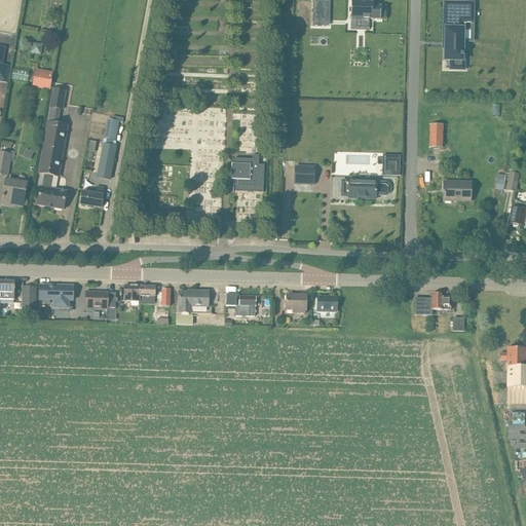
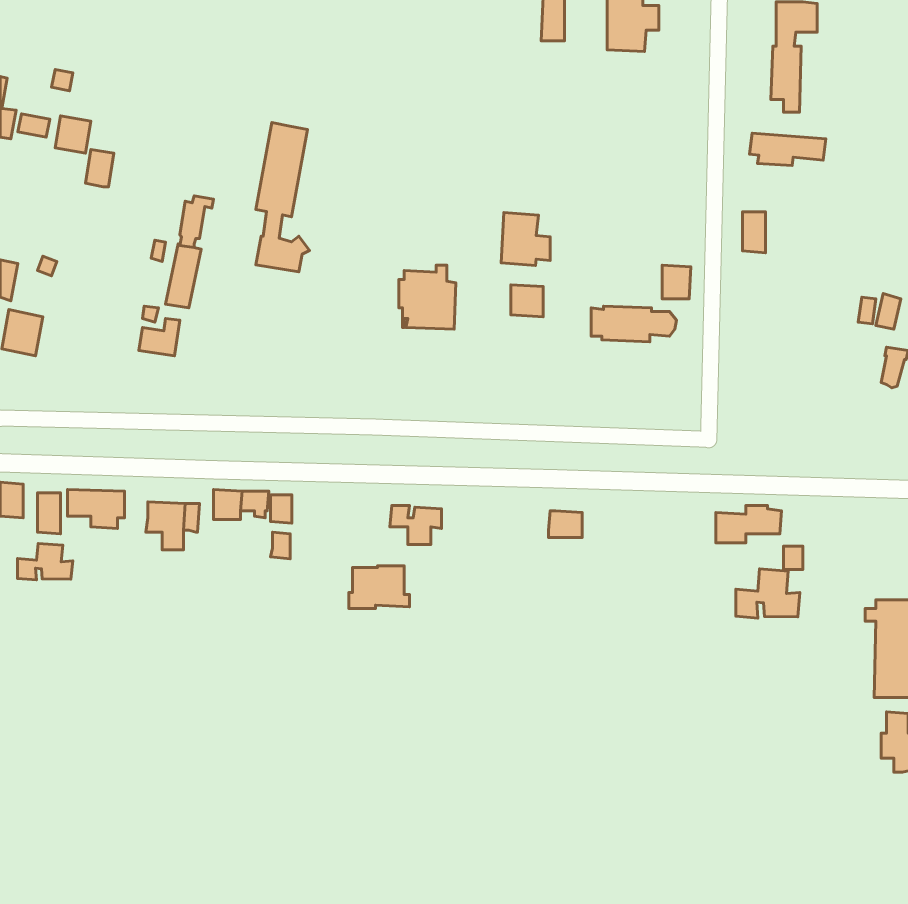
building: none -> [749,133,826,166]
building: [38,120,69,206] -> [256,122,309,272]
building: none -> [501,213,550,266]
building: [443,180,472,200] -> none
building: [177,289,212,313] -> [349,566,409,609]
building: [286,292,307,312] -> none
building: none -> [17,544,73,580]
building: none -> [736,569,800,618]

